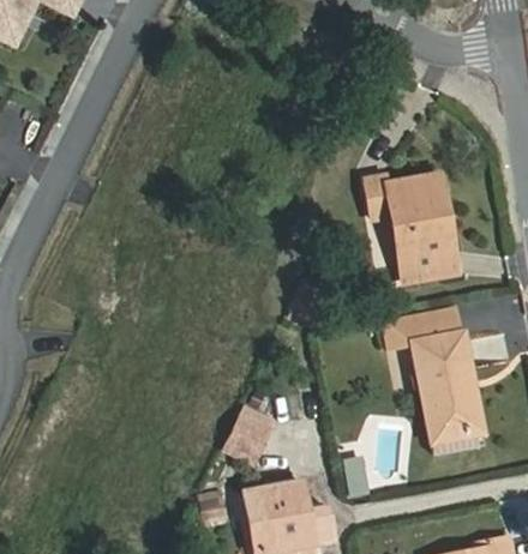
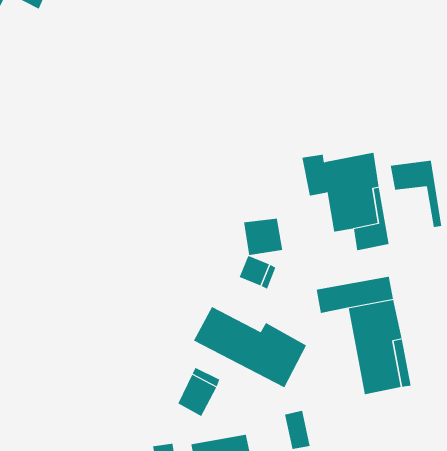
building: none -> [390,160,442,228]
building: none -> [243,218,283,256]
building: none -> [193,306,307,388]

